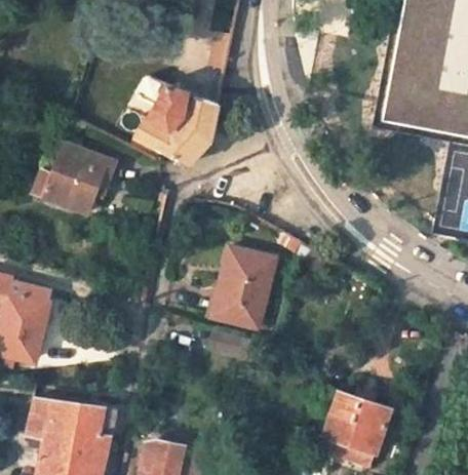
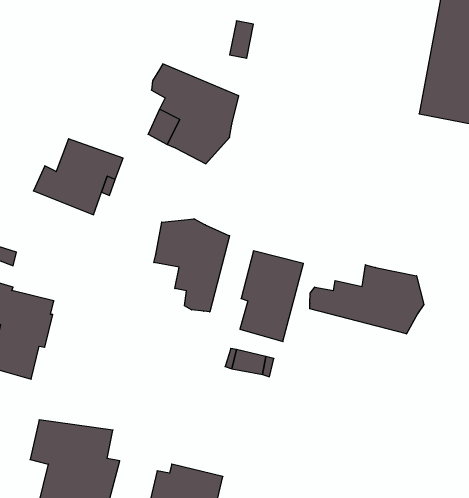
building: none -> [154,219,230,312]
building: none -> [310,265,424,334]
building: [324,391,391,452] -> none

